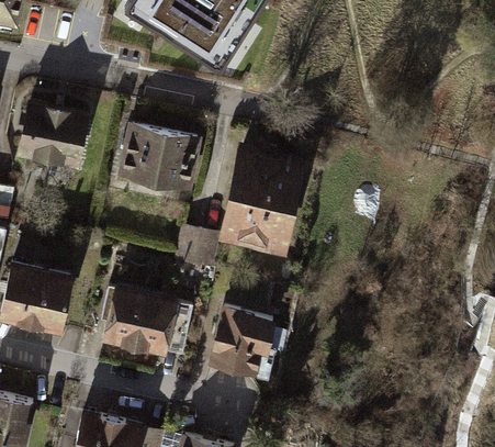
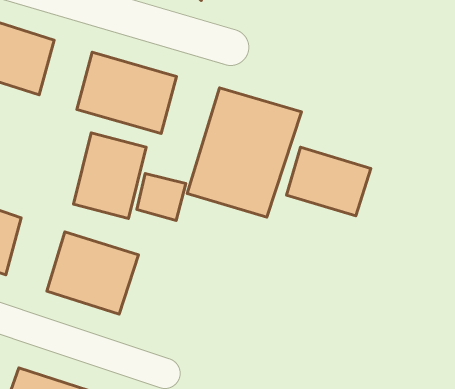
building: none -> [287,147,371,216]
building: none -> [73,133,146,218]
building: [213,306,288,376] -> none

